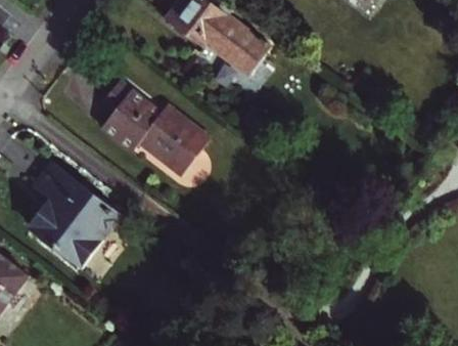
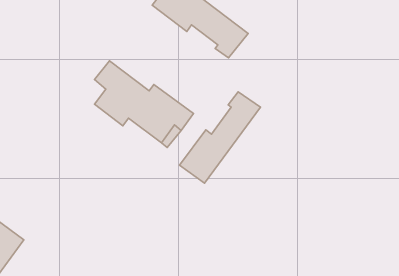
building: none -> [180,92,261,183]
building: [34,168,118,265] -> none

